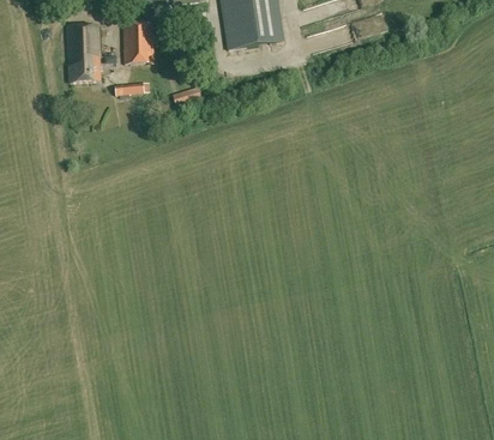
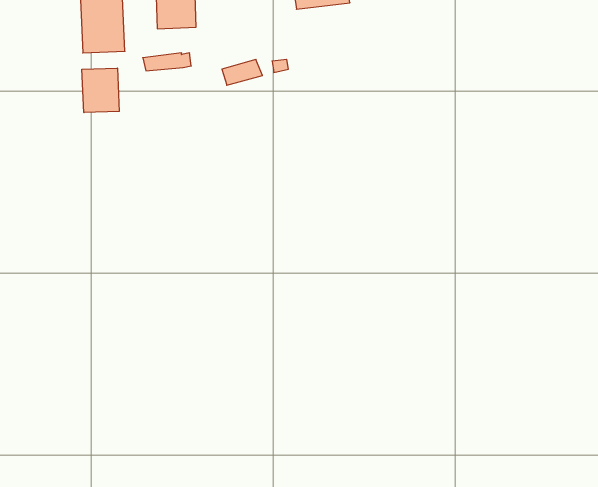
building: none -> [82,68,119,113]

